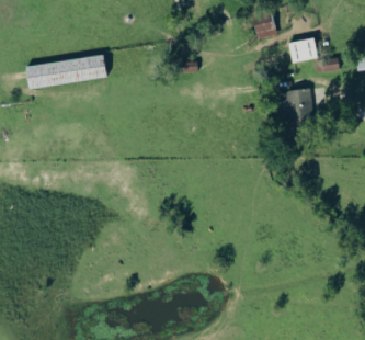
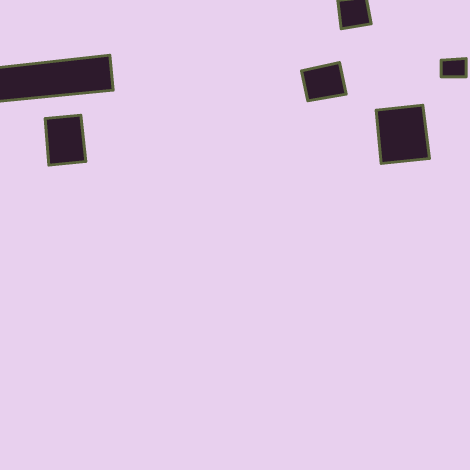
building: [288,37,318,63] -> [301,62,346,101]
building: none -> [45,115,86,165]

